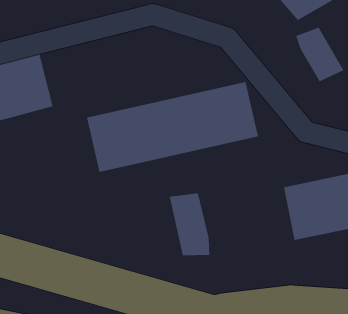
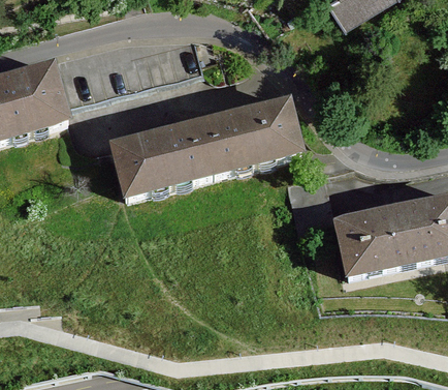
building: [295,27,344,82] -> none
building: [169,192,210,256] -> none

